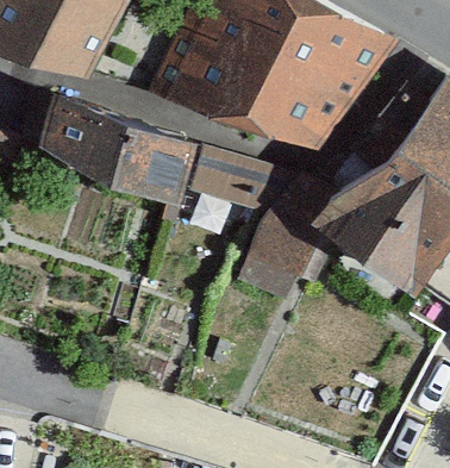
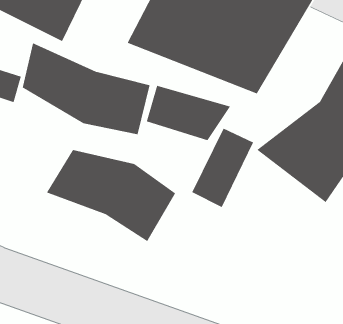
building: none -> [46,149,176,242]

